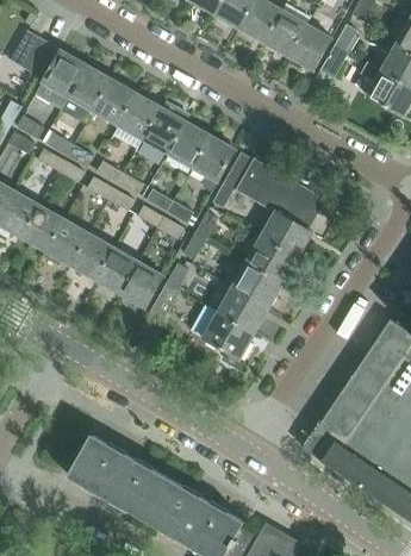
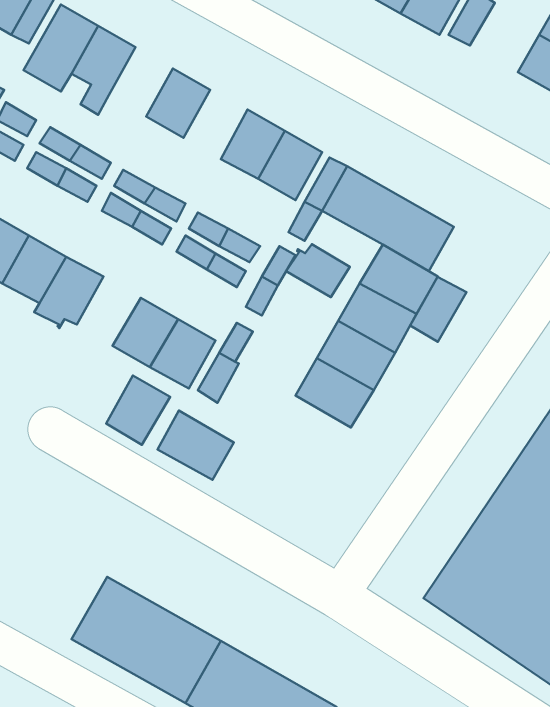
building: [93,80,136,126] -> none
building: [143,108,186,155] -> none
building: none -> [286,244,350,297]
building: [71,233,114,280] -> [106,376,170,445]
building: none -> [410,277,466,342]
building: [204,313,255,360] -> [157,410,234,480]

